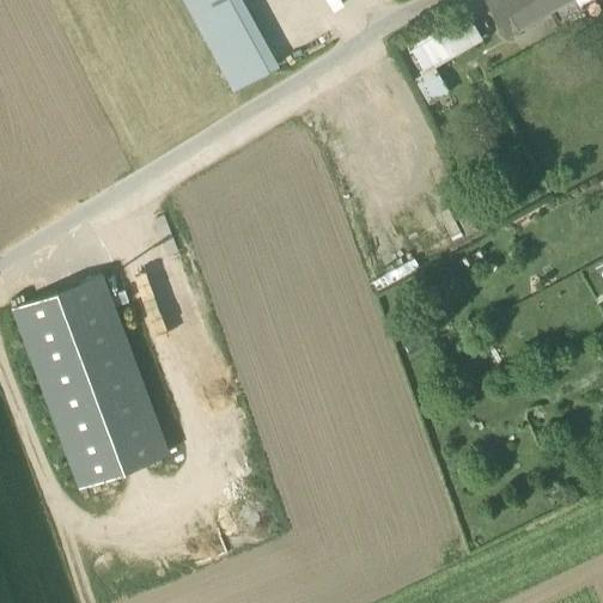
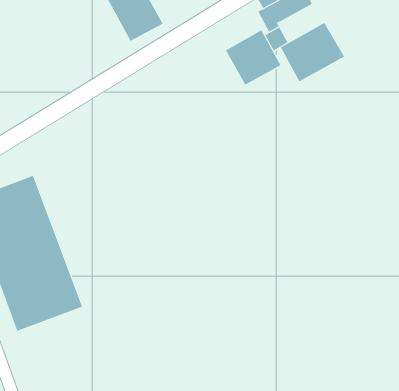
building: none -> [280,22,345,82]
building: none -> [225,29,281,85]

